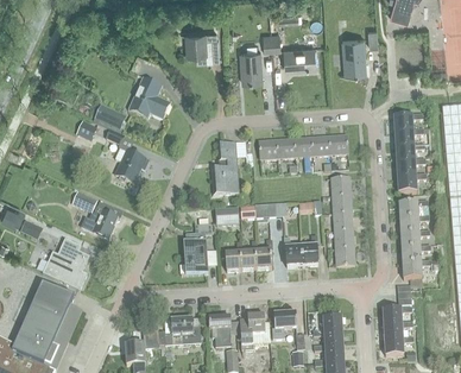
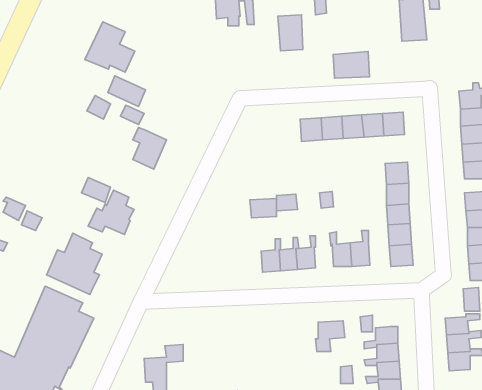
building: [284,45,315,68] -> [333,52,369,78]
building: [127,76,170,119] -> [85,22,135,72]
building: [211,141,238,192] -> none
building: [181,222,210,273] -> none
building: [240,312,269,349] -> none
building: [208,315,229,346] -> none
building: [164,317,200,343] -> none

